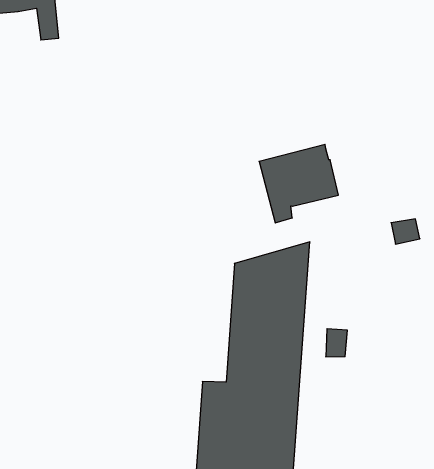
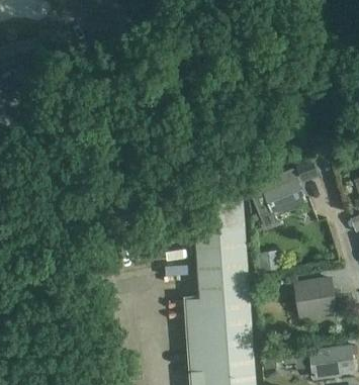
building: [259,144,338,223] -> [248,168,305,226]
building: none -> [295,279,336,316]

